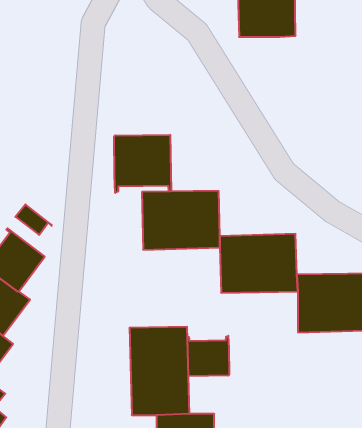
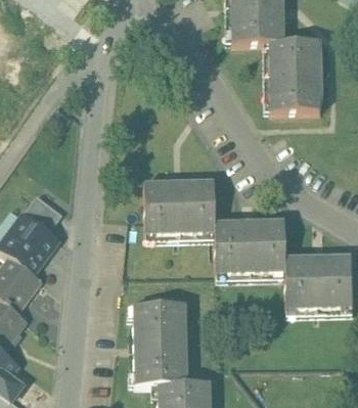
building: none -> [269,40,322,110]
building: [114,135,171,193] -> none
building: [187,336,229,376] -> none

